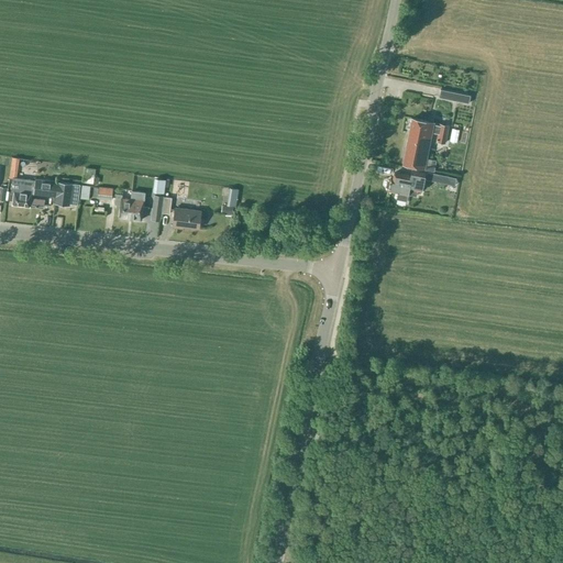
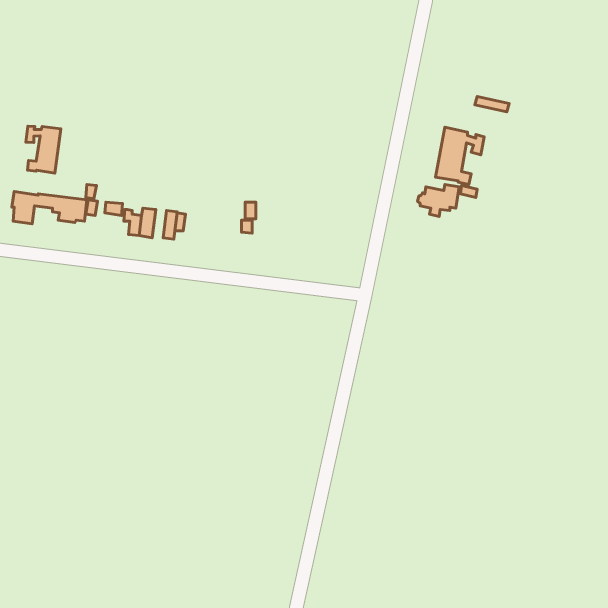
building: none -> [26,126,61,173]
building: [173,208,200,228] -> none

